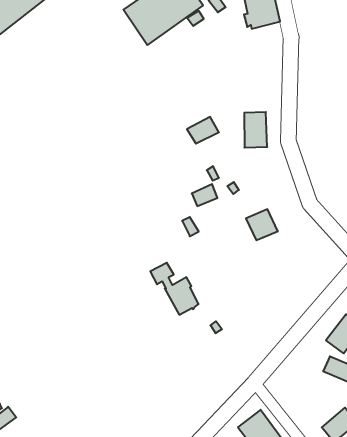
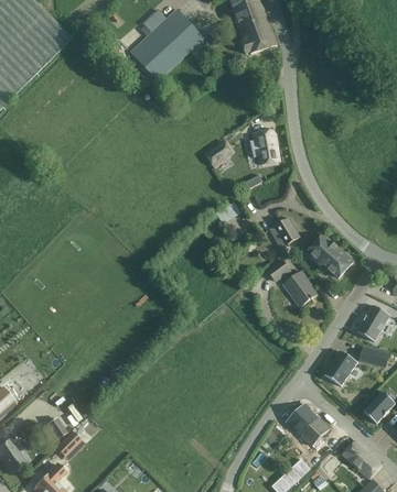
building: none -> [305,233,353,277]
building: [150,263,199,315] -> [267,260,315,306]
building: none -> [323,350,357,385]

